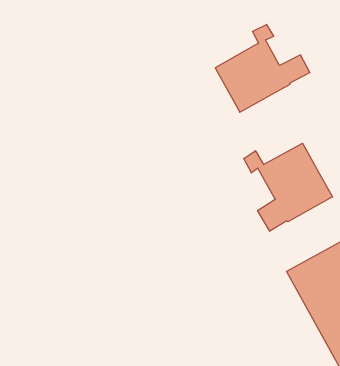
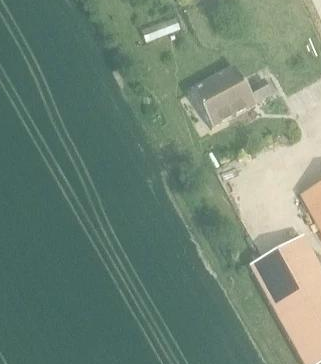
building: [244,143,333,231] -> none

